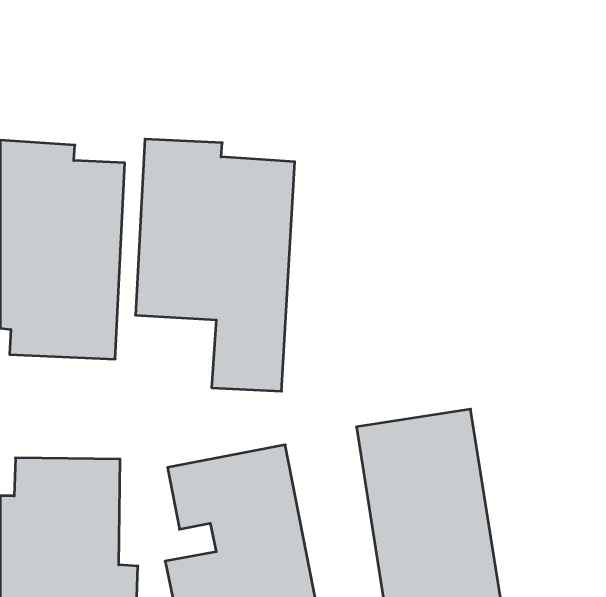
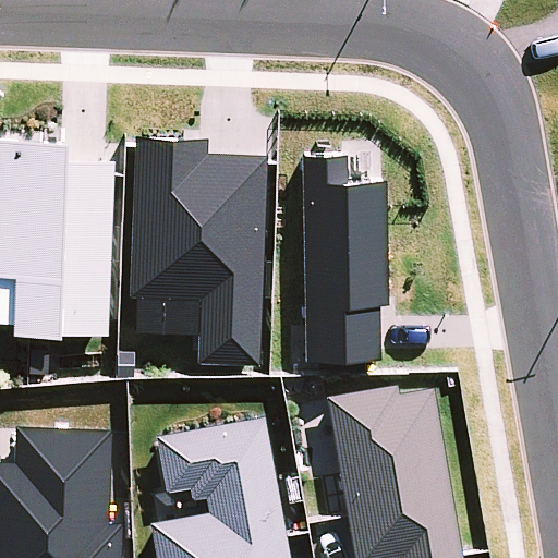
building: none -> [300,157,384,362]

